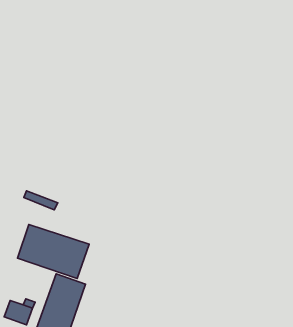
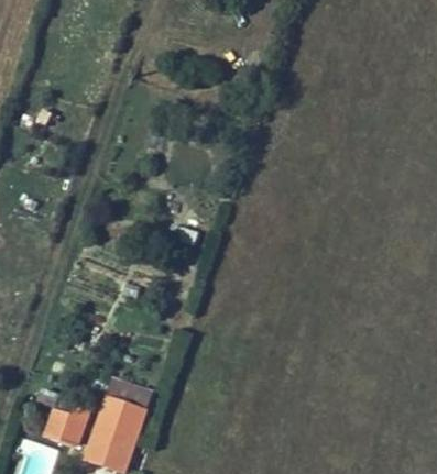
building: [18,224,89,278] -> none

